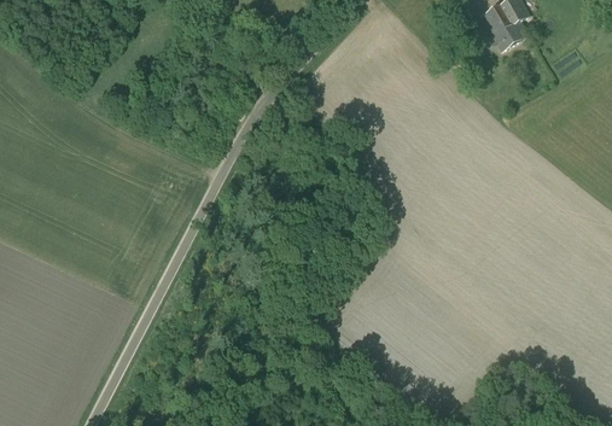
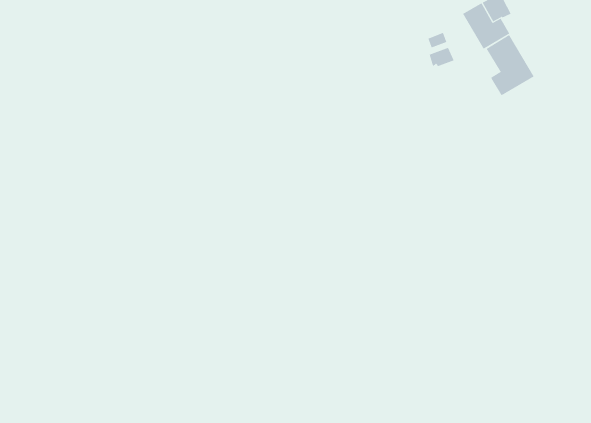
building: none -> [486,34,534,96]

